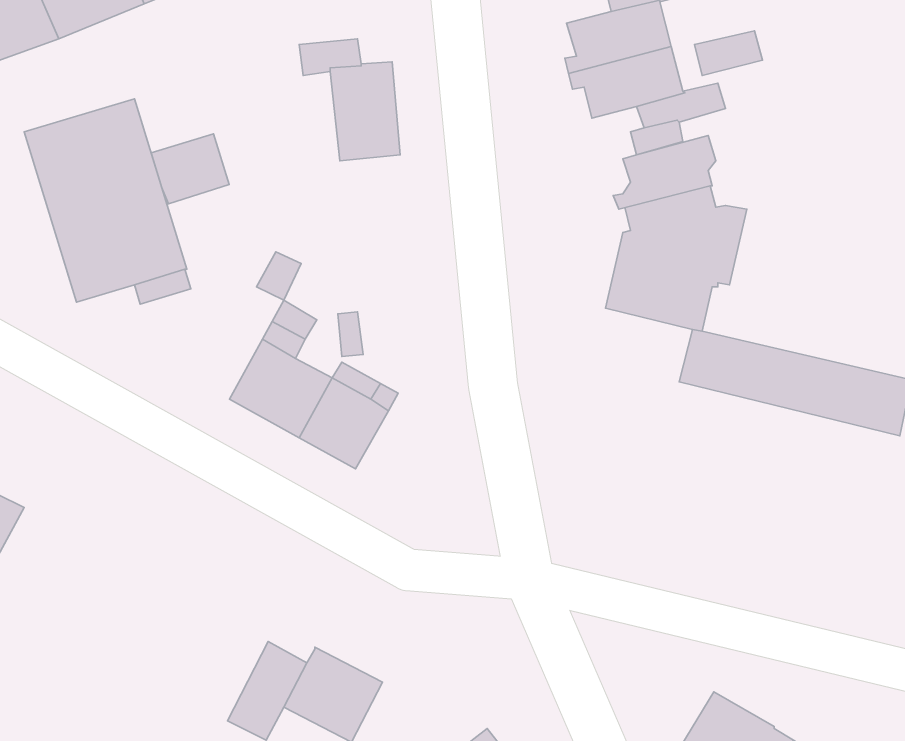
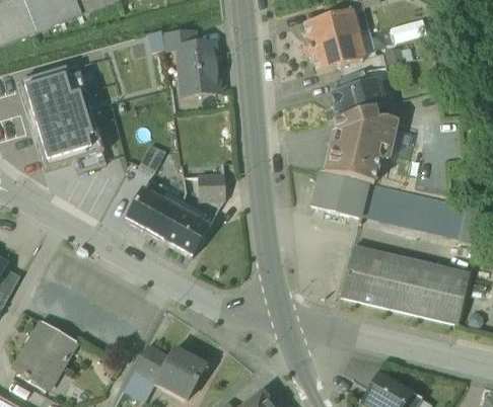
building: [151,134,229,204] -> none
building: none -> [312,172,368,217]
building: none -> [198,176,226,198]
building: none -> [343,246,469,323]
building: none -> [13,321,76,389]

